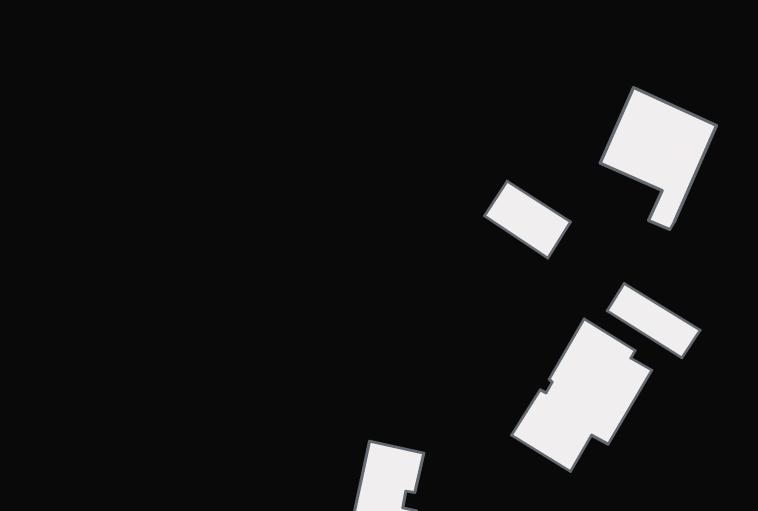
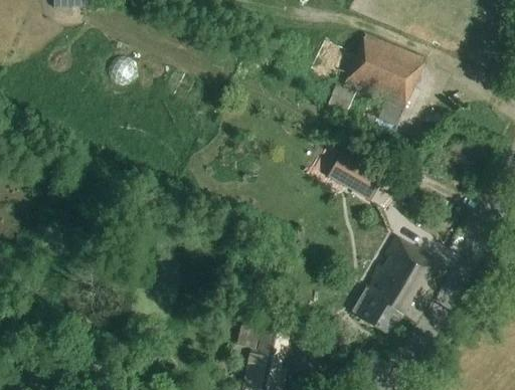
building: [600,88,717,230] -> [345,34,422,129]
building: [607,283,700,358] -> none

